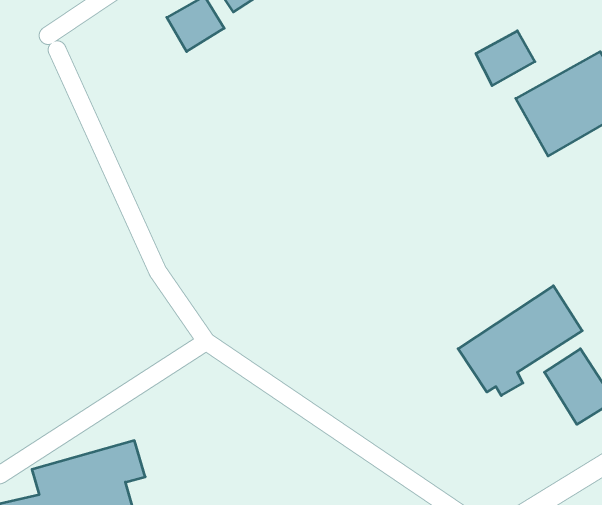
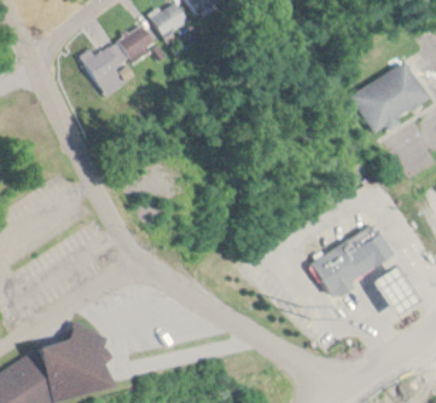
building: none -> [80,47,124,96]
building: [476,31,535,86] -> none

